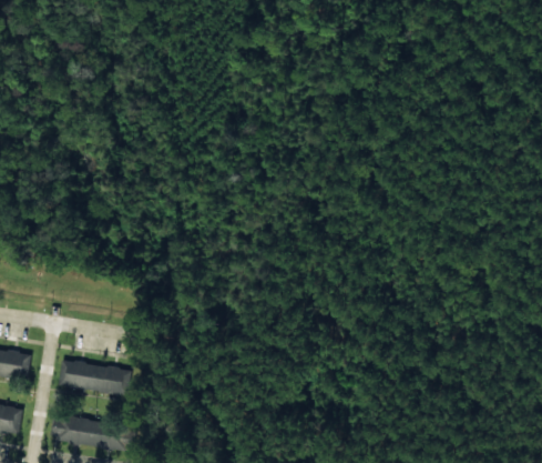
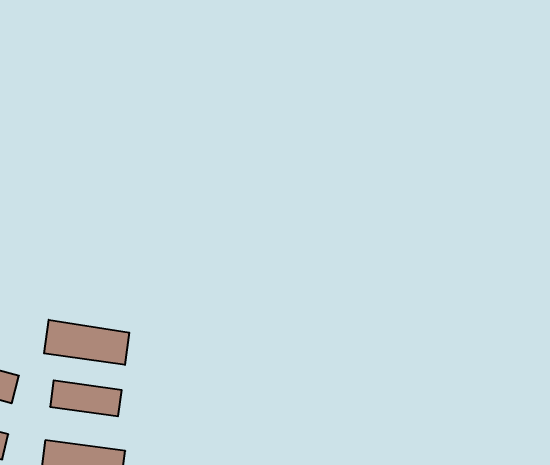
building: none -> [44,320,129,365]

